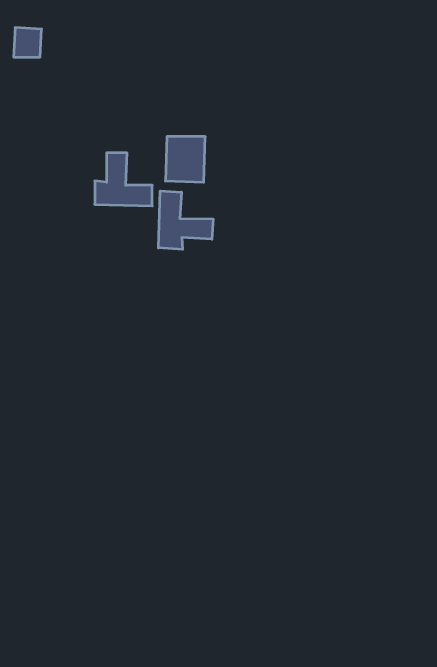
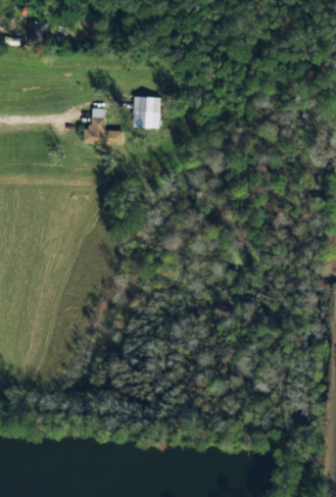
building: [158,191,213,249] -> none

